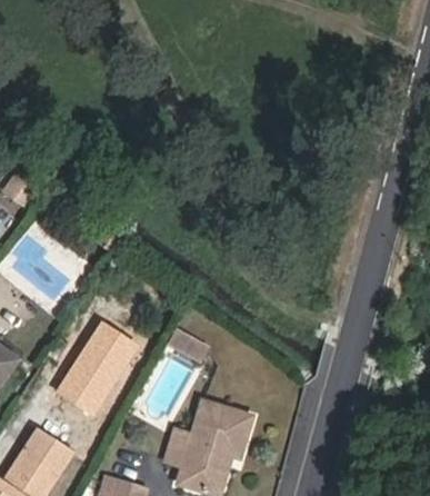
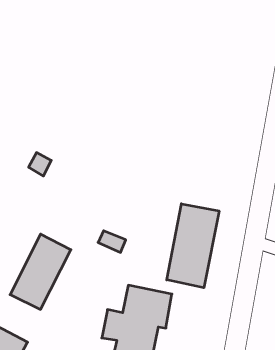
building: none -> [167,204,219,288]

